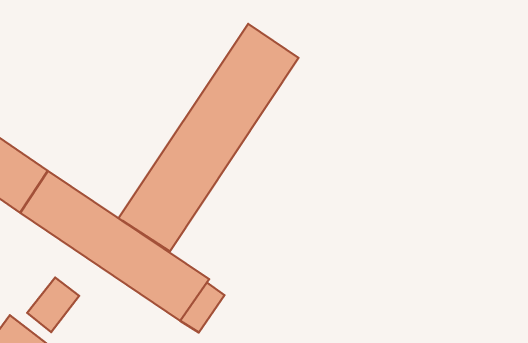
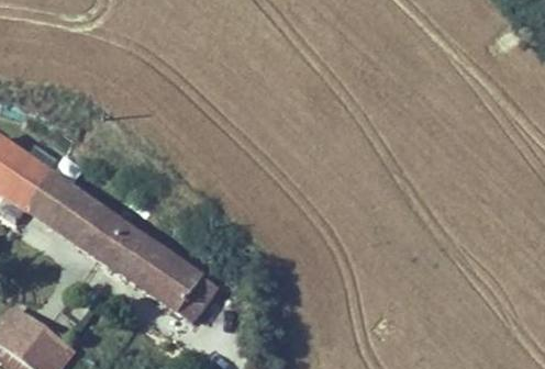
building: [118,24,298,251] -> none
building: [27,277,79,332] -> none

